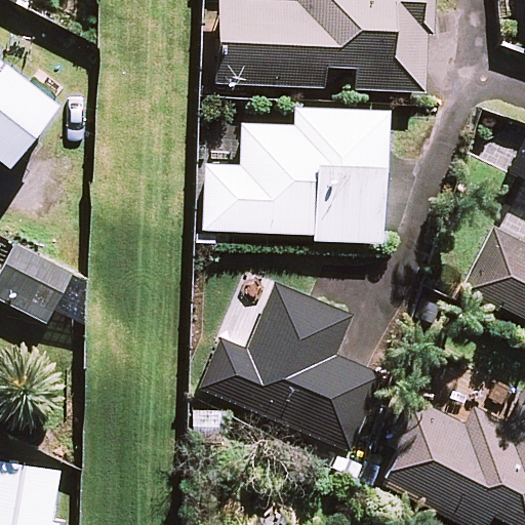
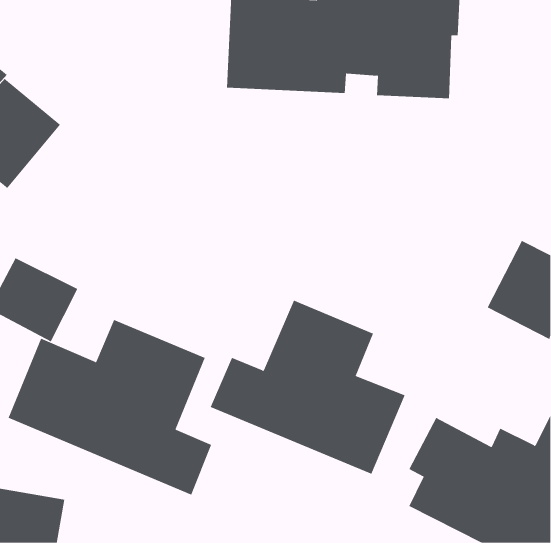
building: [201,107,393,245] -> none
building: none -> [8,319,212,495]

